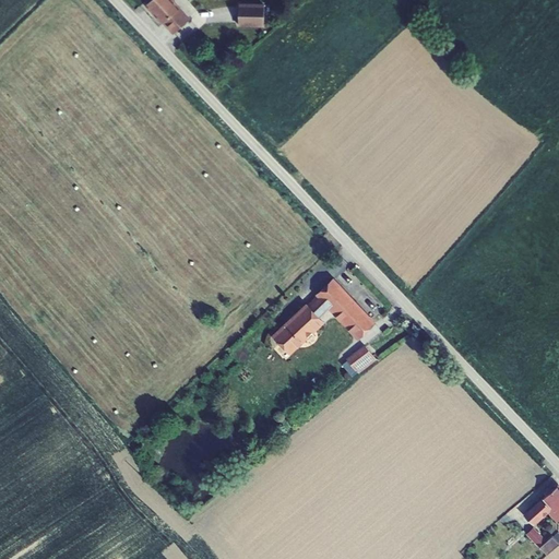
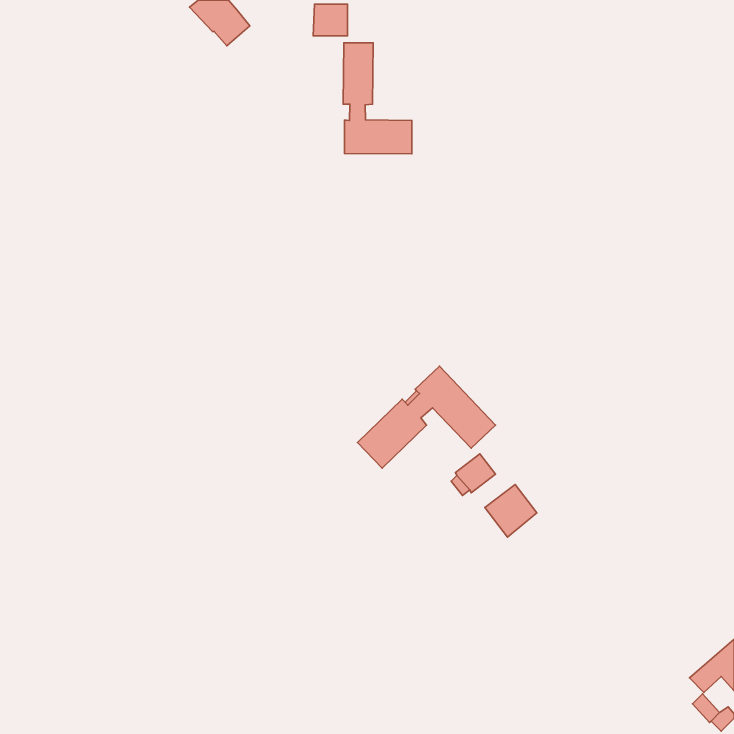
building: none -> [343,43,412,154]
building: none -> [485,484,537,537]

